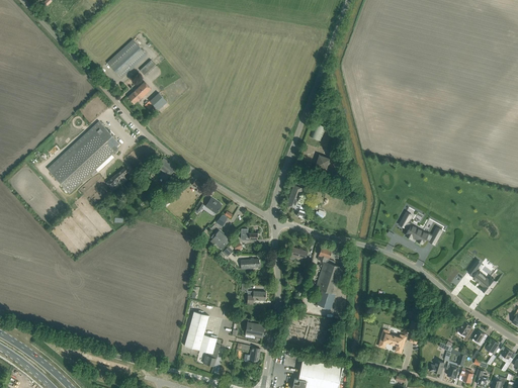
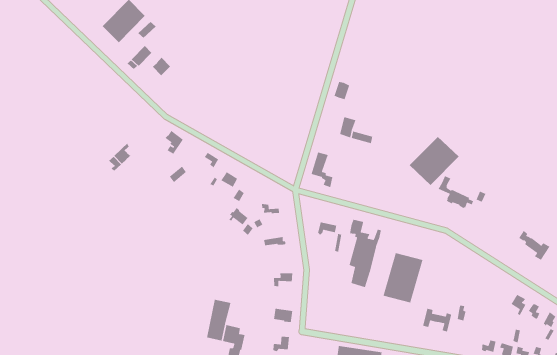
building: [48,121,121,193] -> none
building: none -> [409,136,459,186]
building: none -> [383,252,423,303]

